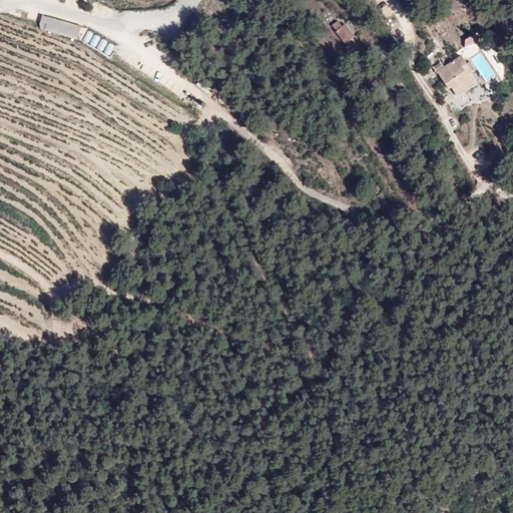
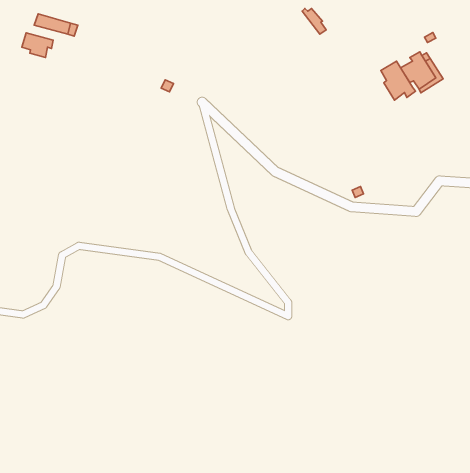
building: none -> [22,33,53,57]
building: none -> [381,61,415,100]

